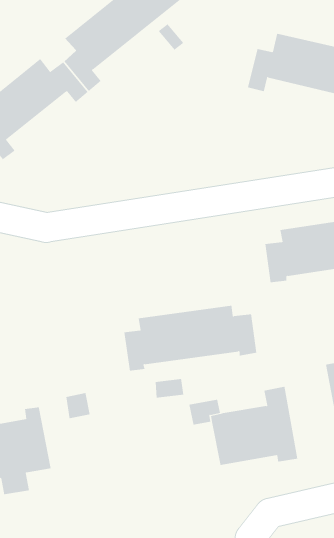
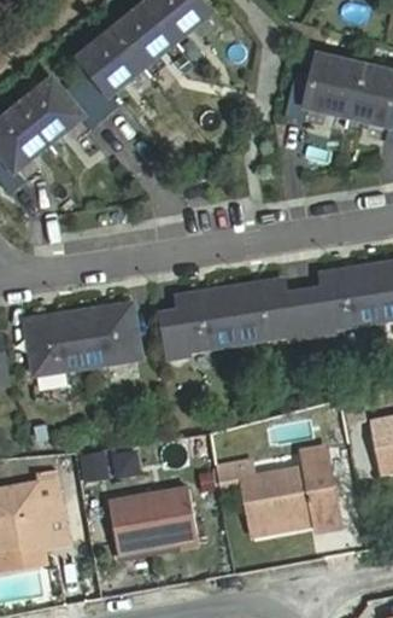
building: none -> [25,303,137,372]
building: [124,305,257,371] -> [159,279,307,352]
building: none -> [107,488,198,555]

